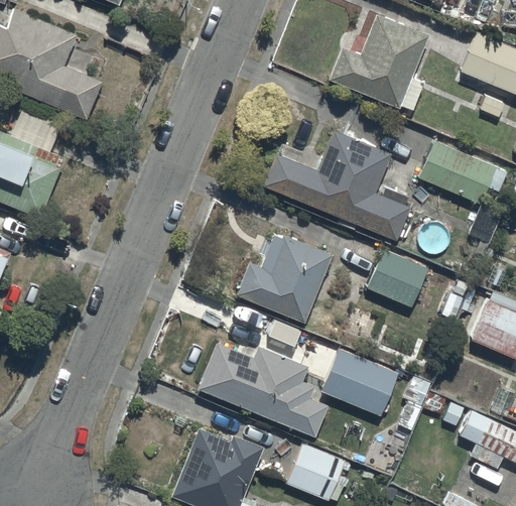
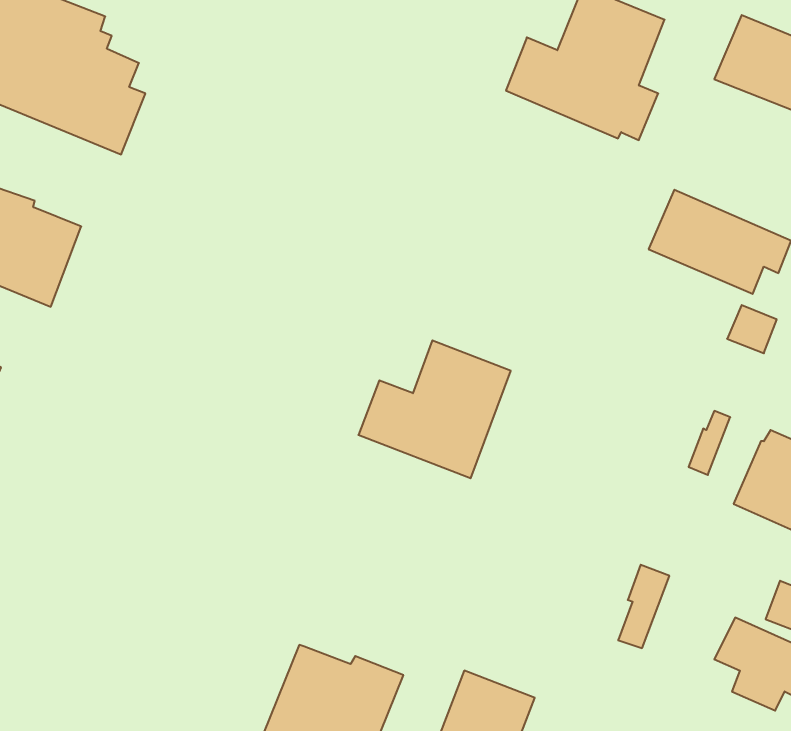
building: [263,131,410,239] -> none
building: [367,249,432,314] -> none
building: [198,342,329,435] -> none
building: [320,348,399,422] -> none

